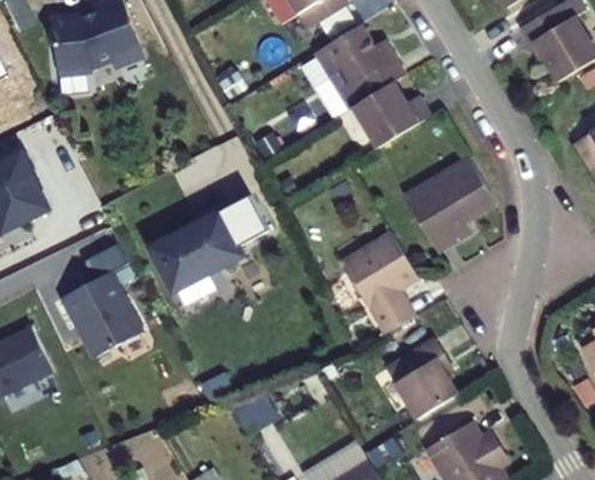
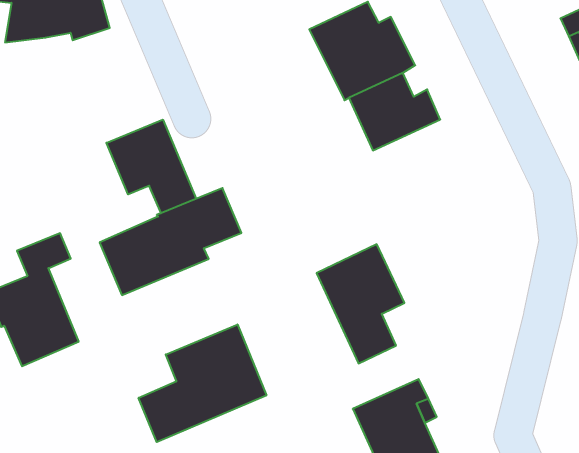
building: none -> [106,120,196,213]
building: [399,155,493,251] -> none
building: none -> [139,324,266,442]

